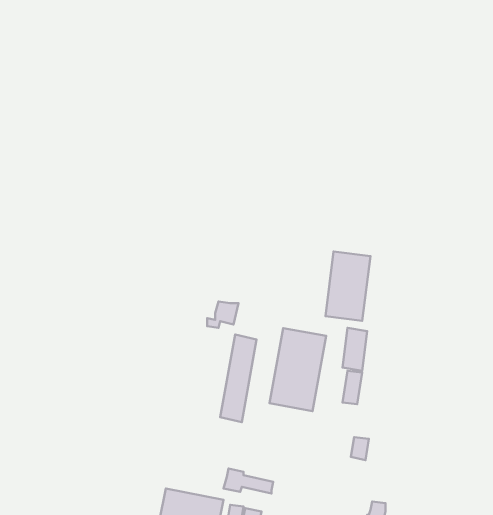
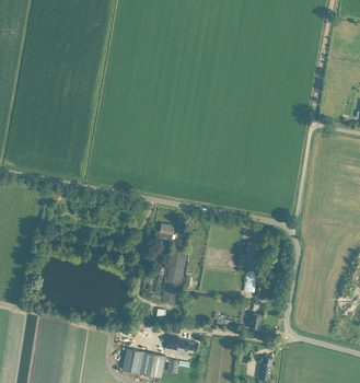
building: [326,252,370,321] -> none
building: [270,328,326,411] -> none

